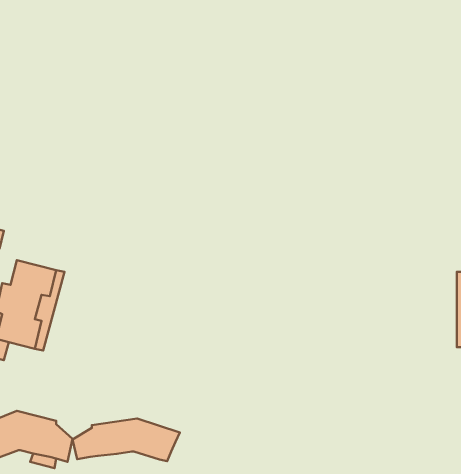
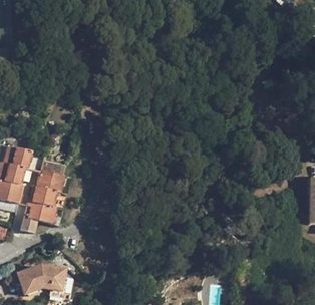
building: [72,418,180,461] -> none

